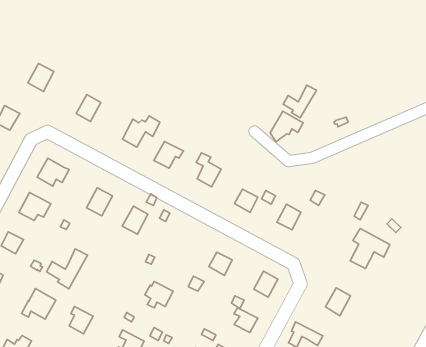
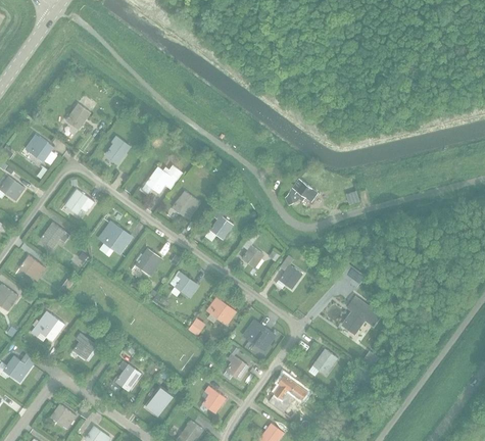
building: [283,85,317,118] -> none
building: [47,249,88,289] -> none
building: [145,282,173,308] -> [168,272,195,296]

